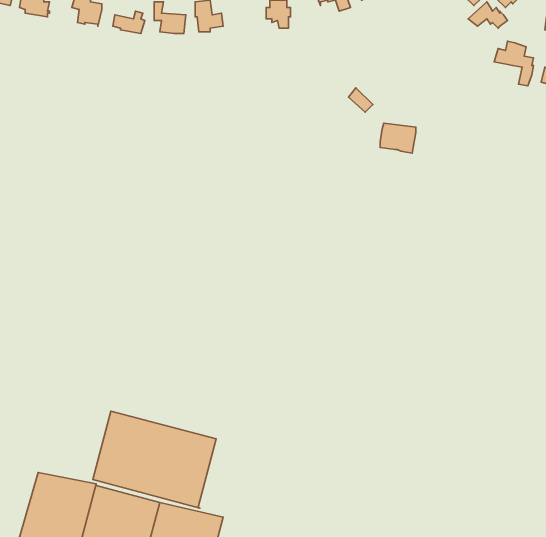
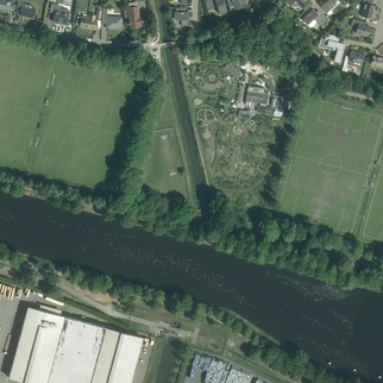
building: [93,411,216,508] -> none

